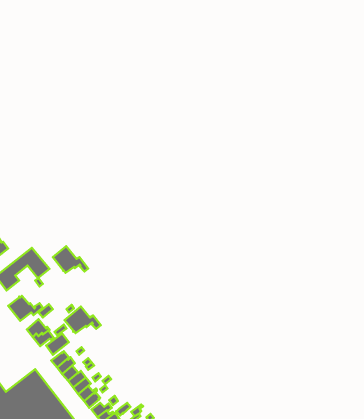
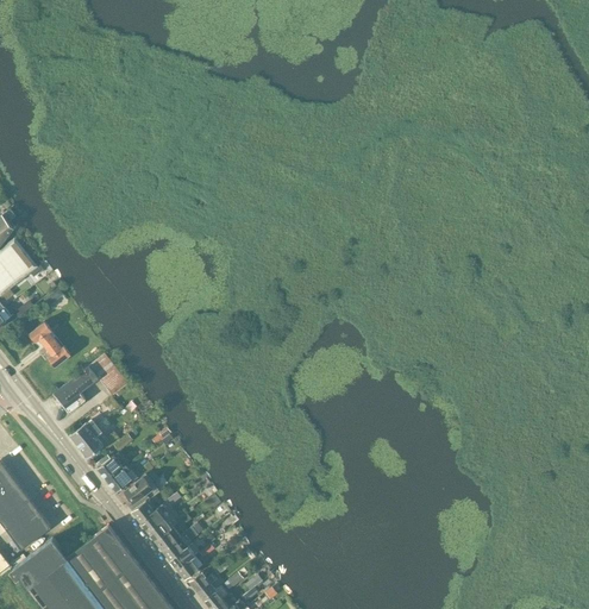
building: [53,246,88,273] -> none
building: [64,307,101,333] -> none

